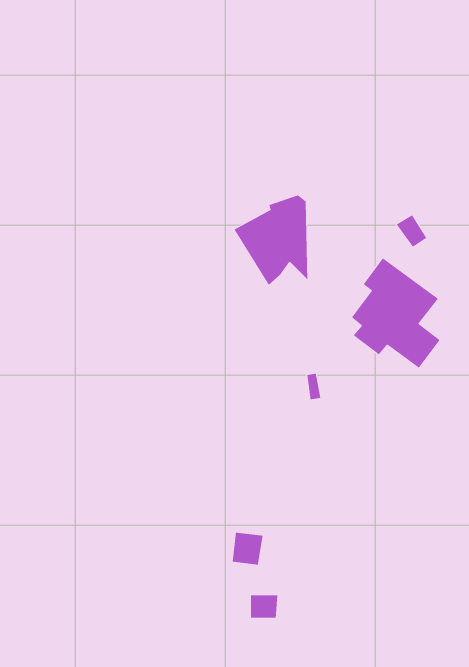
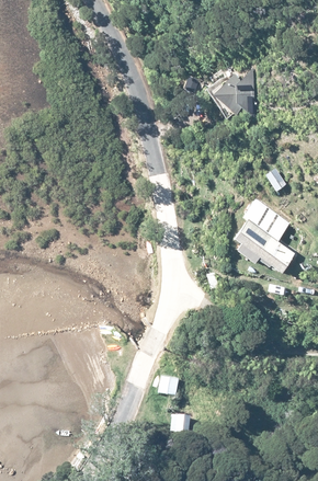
building: [234,195,308,286] -> [205,62,254,123]

